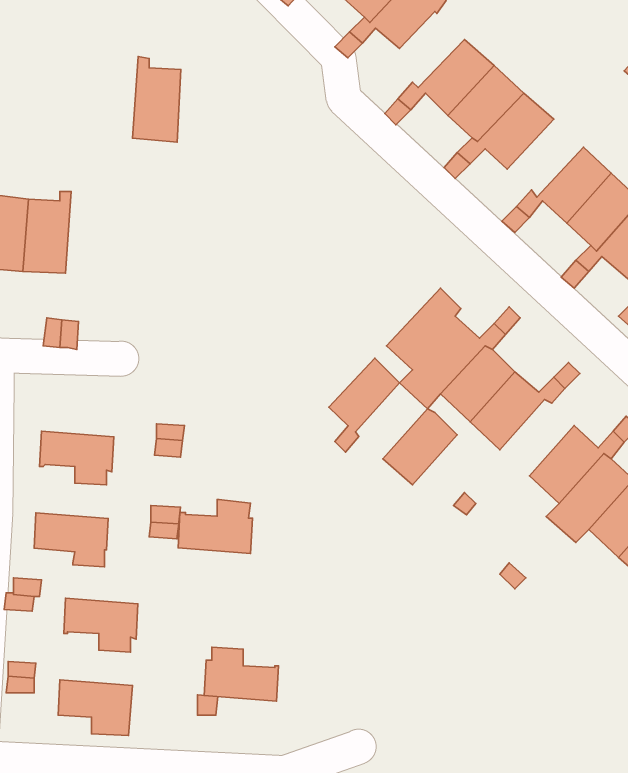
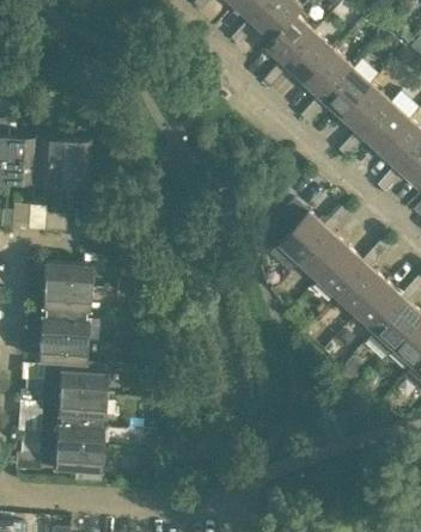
building: none -> [266,17,315,66]
building: [133,57,181,142] -> [57,133,89,188]
building: none -> [342,86,391,136]
building: [329,358,400,452] -> none
building: none -> [42,264,90,291]
building: [383,409,457,485] -> [337,267,385,316]
building: none -> [38,308,86,343]
building: [178,500,252,553] -> [57,363,105,398]
building: [204,647,279,701] -> [54,416,102,451]

